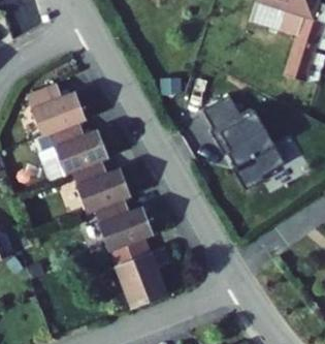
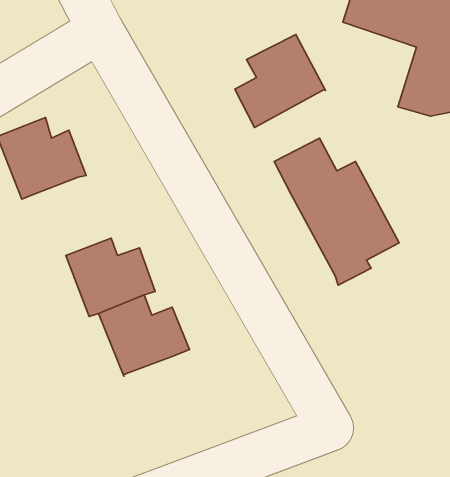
building: none -> [235,34,325,127]
building: [42,119,103,174] -> none
building: [104,237,166,307] -> none

